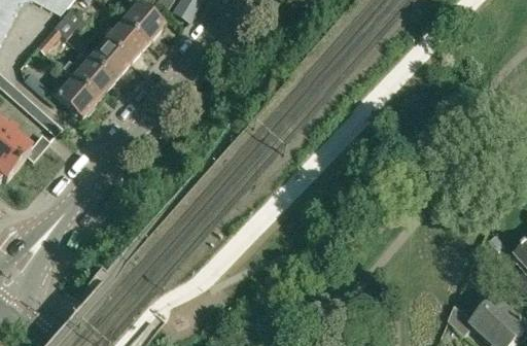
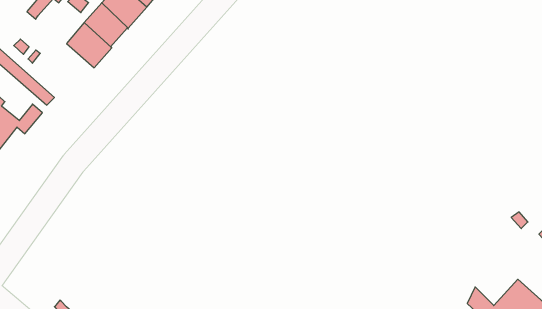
building: [50,75,98,117] -> none

